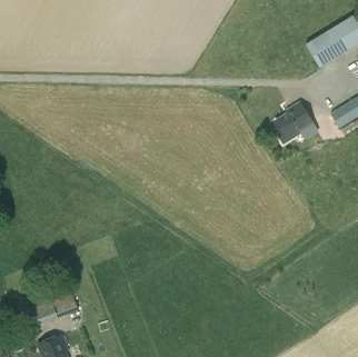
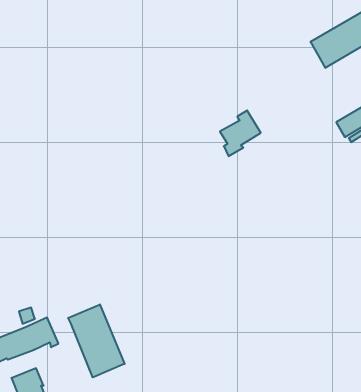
building: [275,101,311,142] -> [220,110,261,156]
building: none -> [68,304,125,377]

